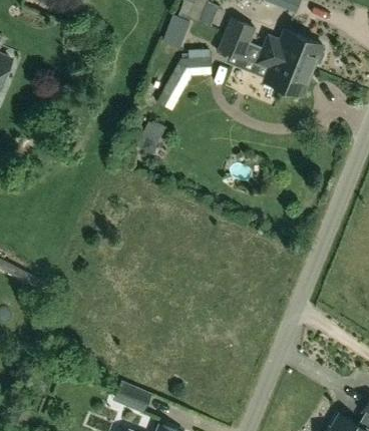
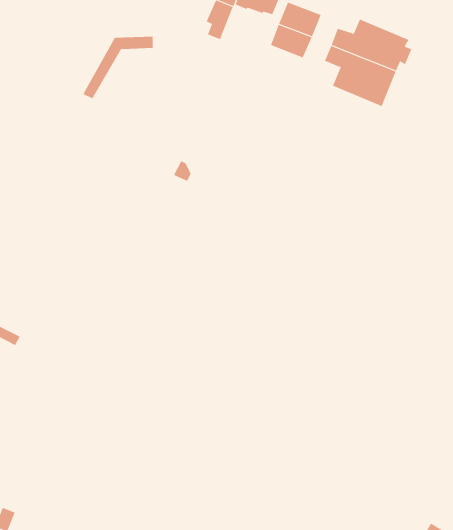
building: [156,59,211,107] -> [82,36,153,99]
building: [111,380,150,413] -> none

